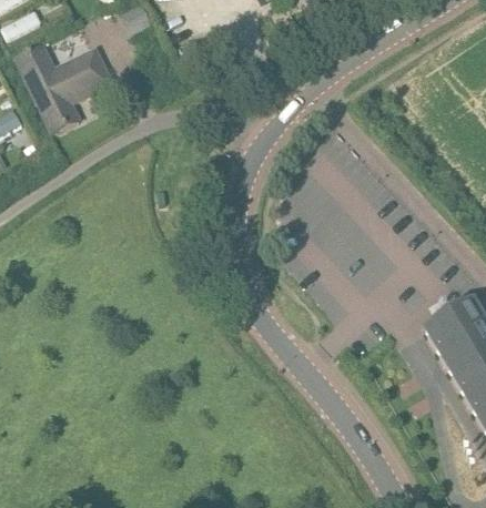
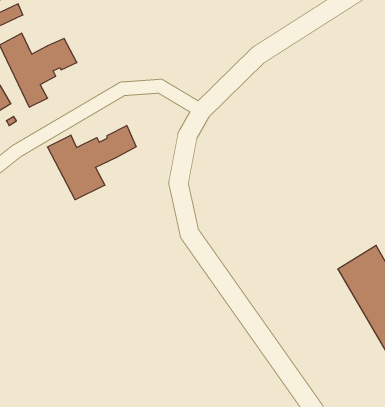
building: none -> [47,125,136,200]

